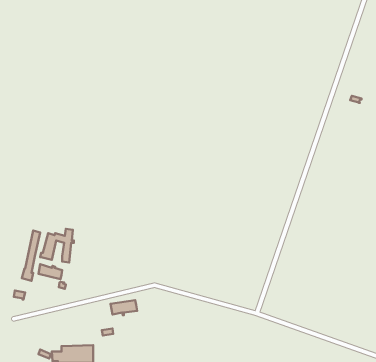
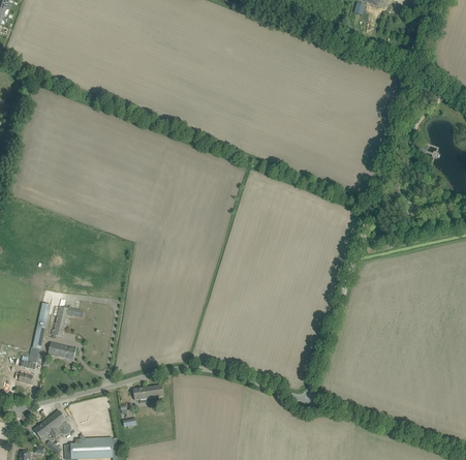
building: none -> [34,410,70,438]

